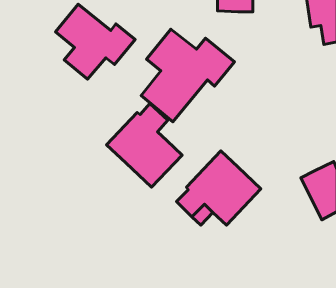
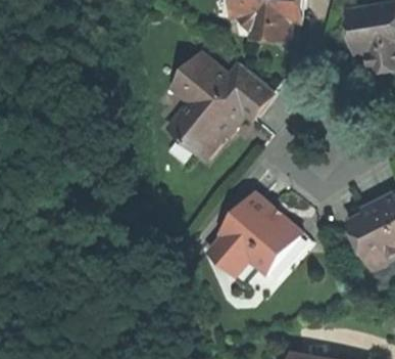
building: [56,4,135,79] -> none
building: [107,104,182,187] -> none

